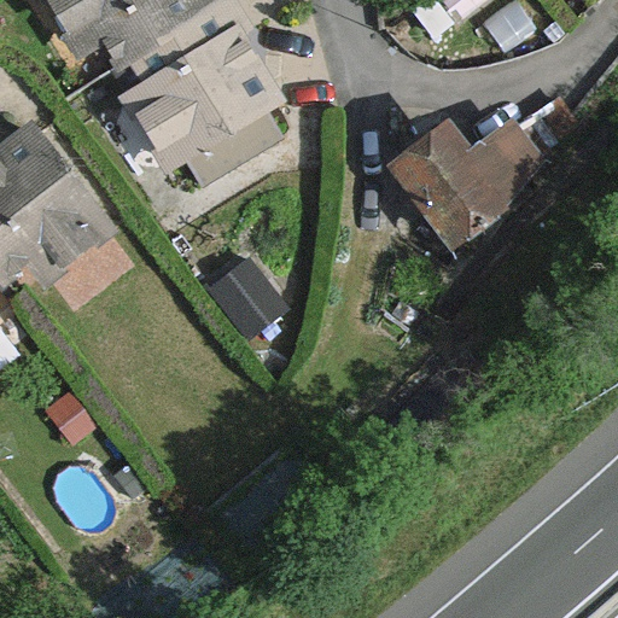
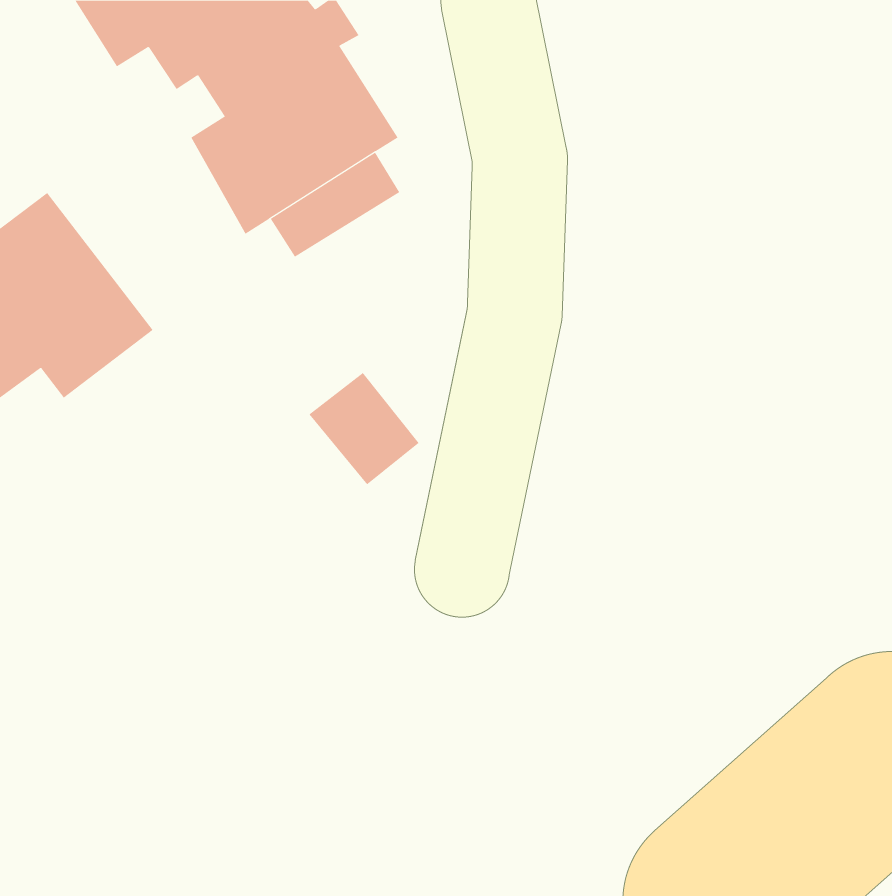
building: [392,129,529,243] -> none

